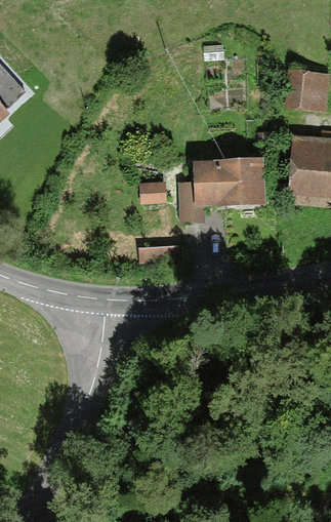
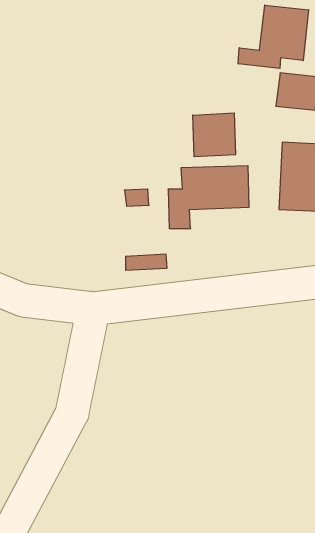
building: none -> [238,5,309,68]
building: none -> [193,113,236,157]

